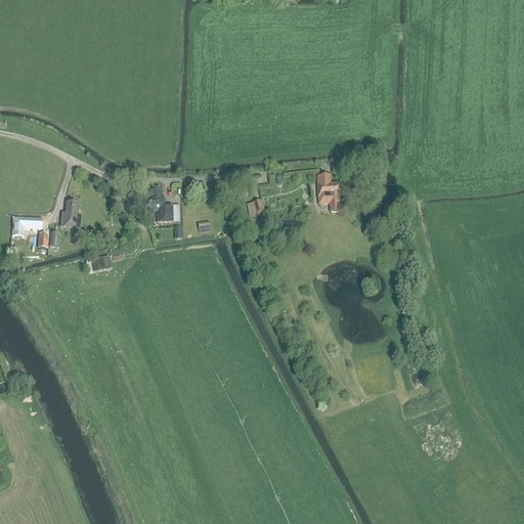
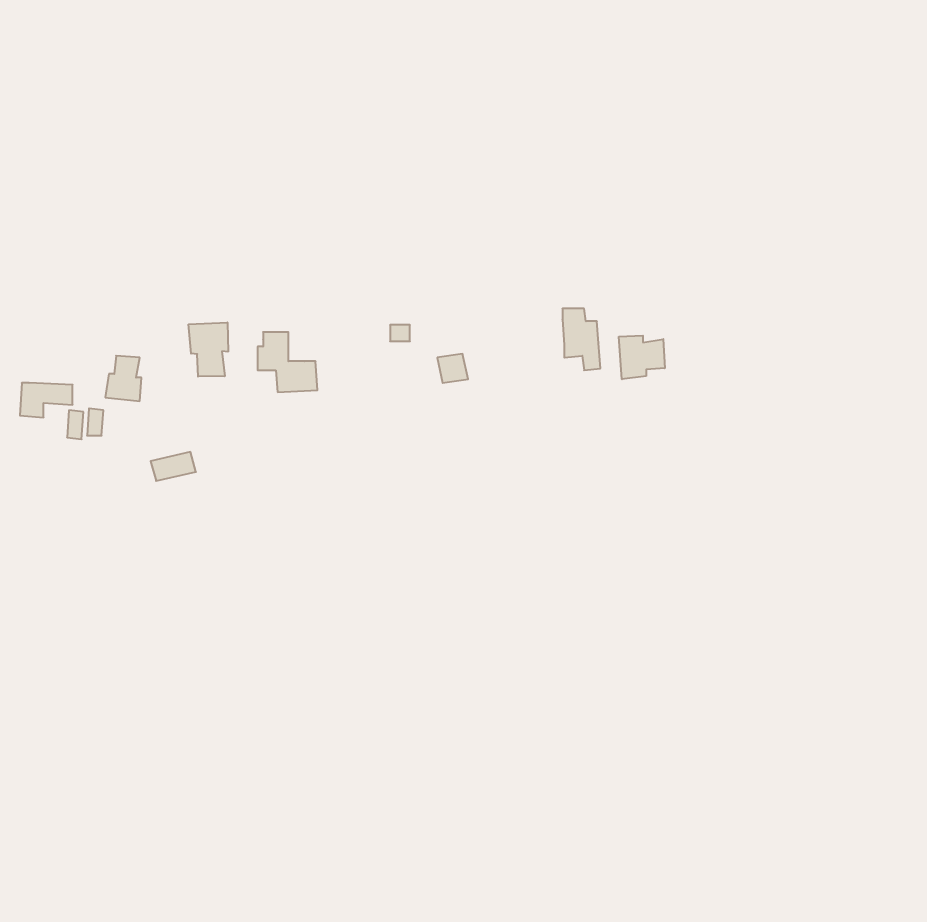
building: none -> [189,322,228,377]
building: none -> [619,336,665,379]

